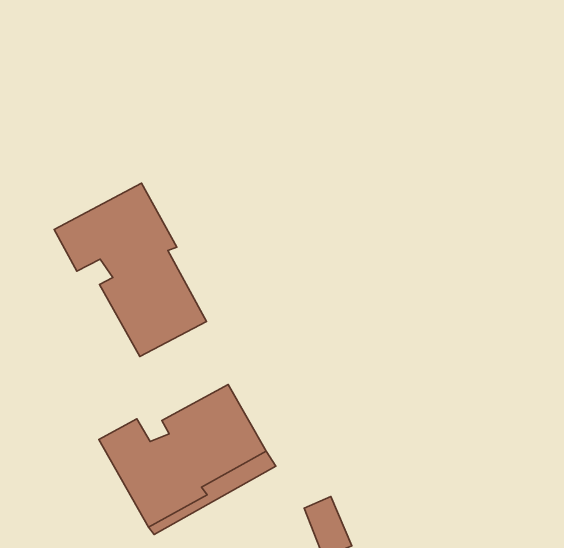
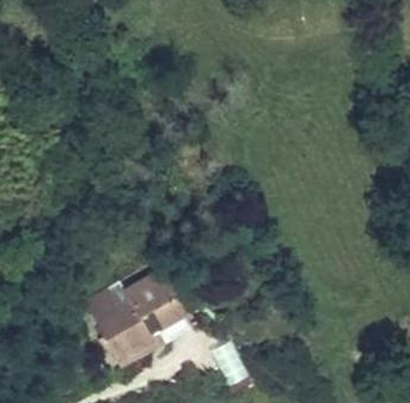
building: [54,183,207,357] -> none

